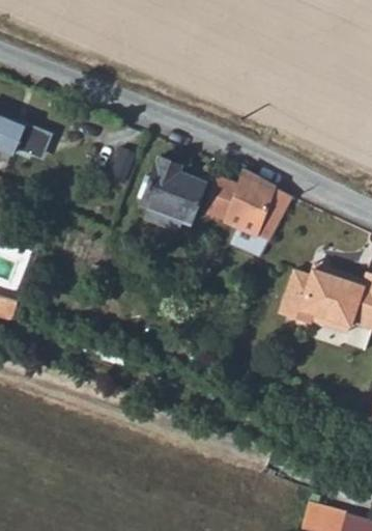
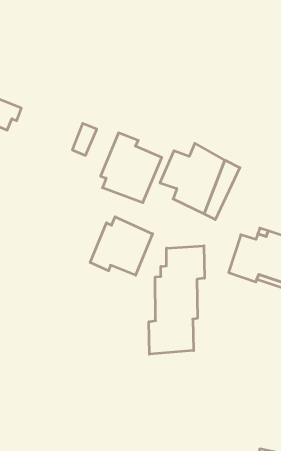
building: none -> [90,217,153,275]
building: none -> [149,246,204,354]

